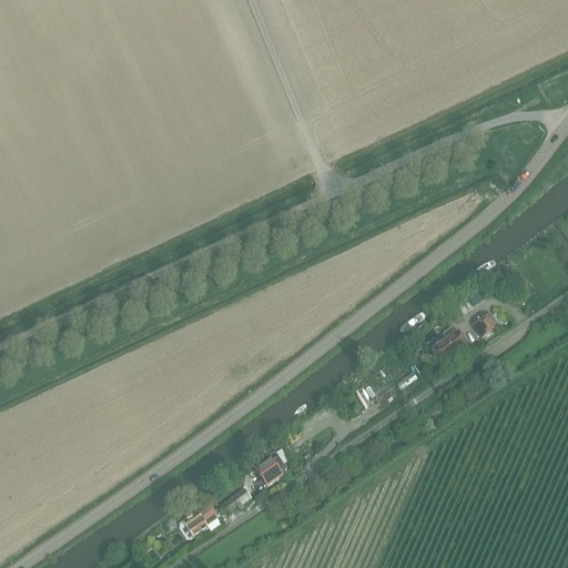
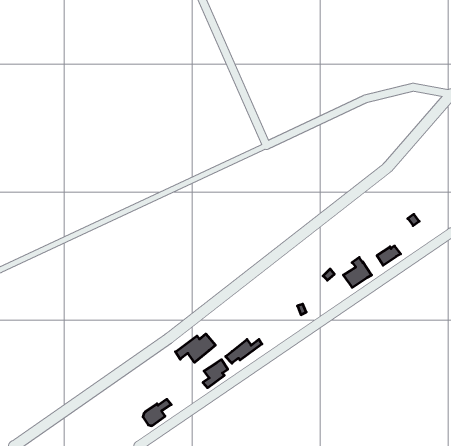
building: none -> [175,334,215,362]
building: none -> [226,339,262,363]

